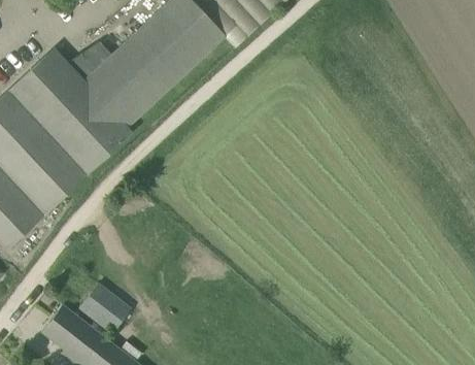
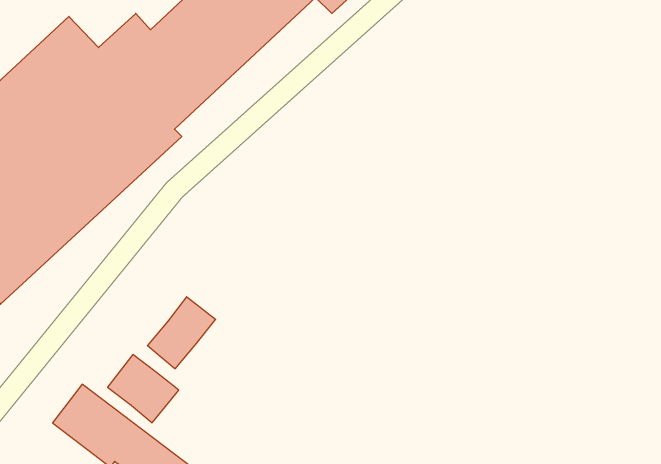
building: none -> [148,297,216,369]

